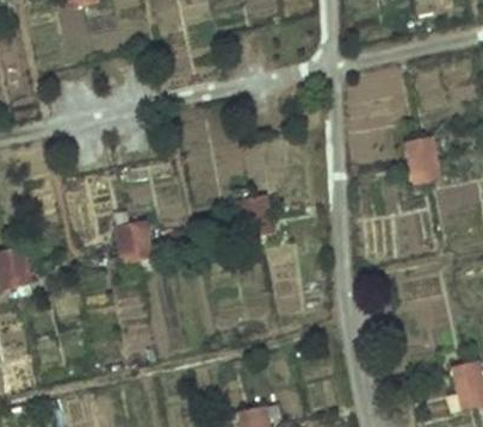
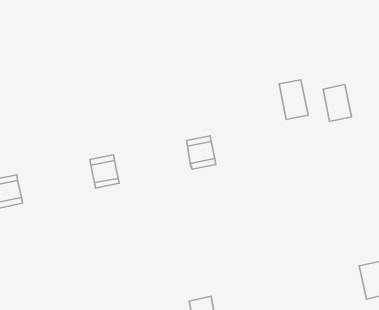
building: none -> [279,80,308,119]

